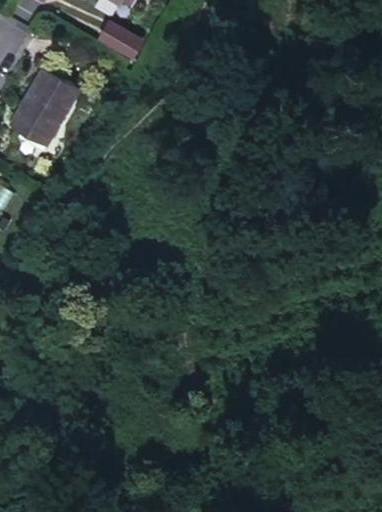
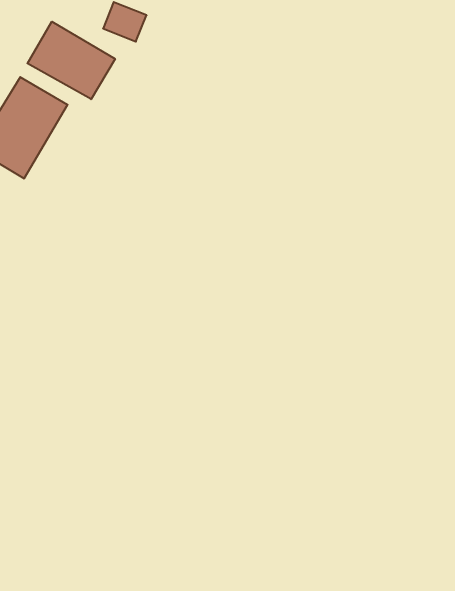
building: none -> [27,22,115,99]

